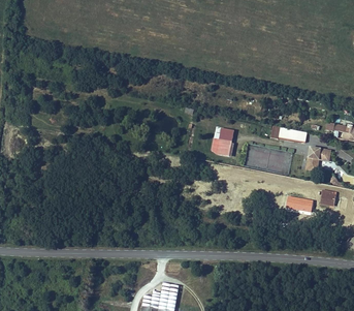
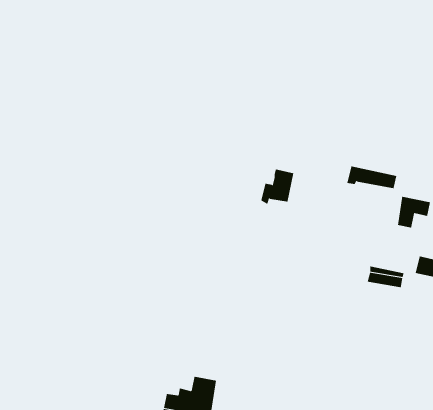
building: [255,148,302,176] -> none

